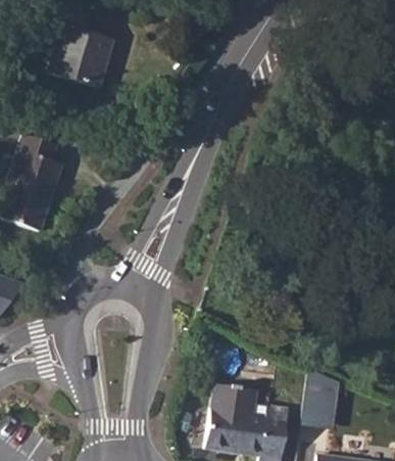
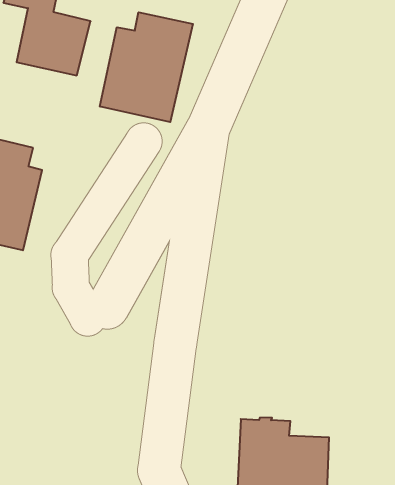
building: none -> [100,12,193,122]
building: [305,370,340,424] -> none

